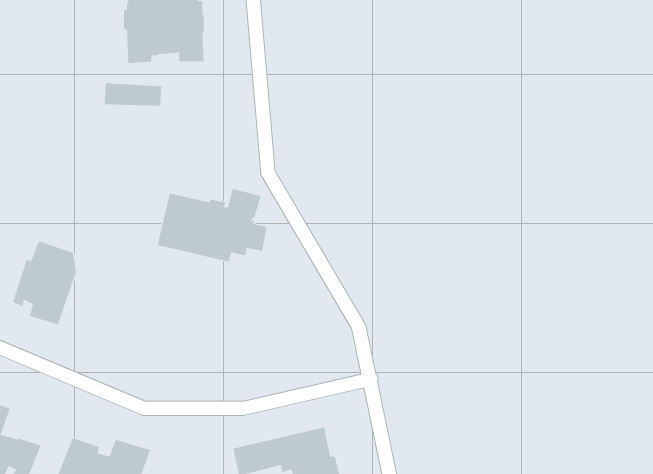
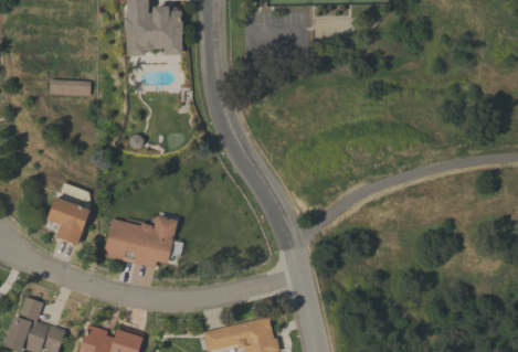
building: [104,83,162,106] -> [49,79,91,96]
building: [157,188,268,262] -> [103,215,182,268]

